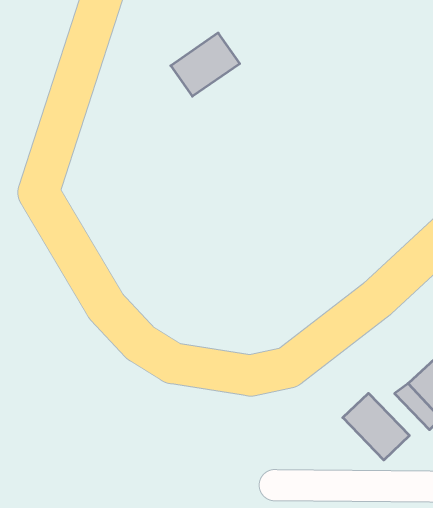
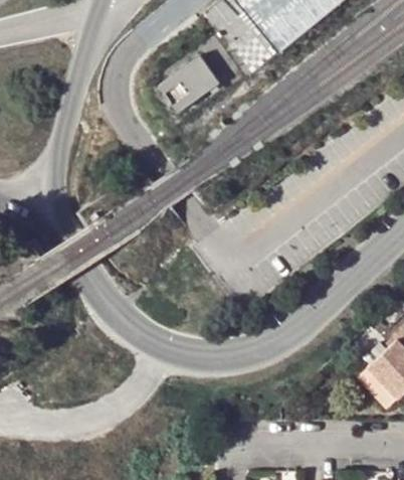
building: [343,393,409,460] -> none

